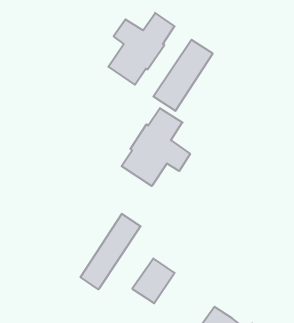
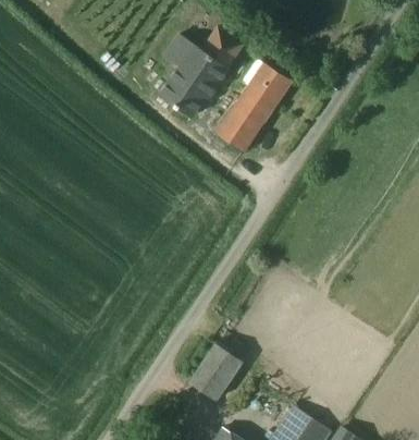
building: [122,108,190,186] -> none
building: [81,214,141,289] -> none

